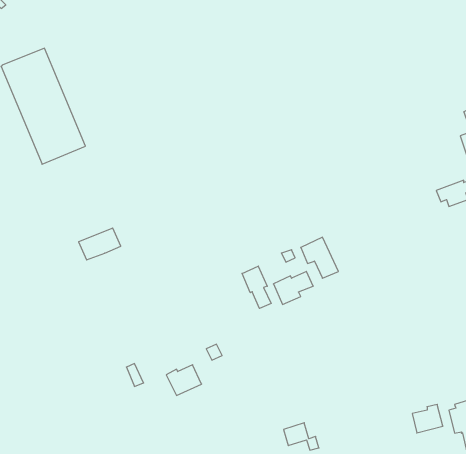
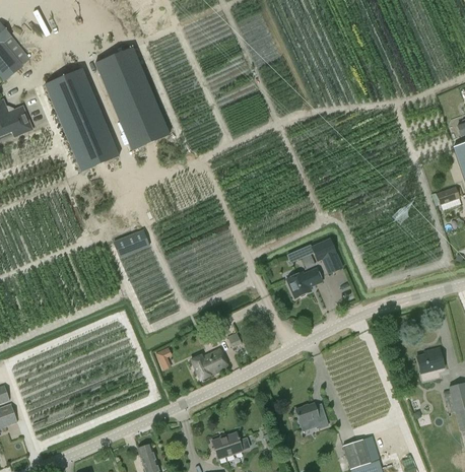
building: none -> [95,47,171,150]
building: [242,266,271,308] -> none
building: [412,404,443,433] -> [417,347,445,373]

